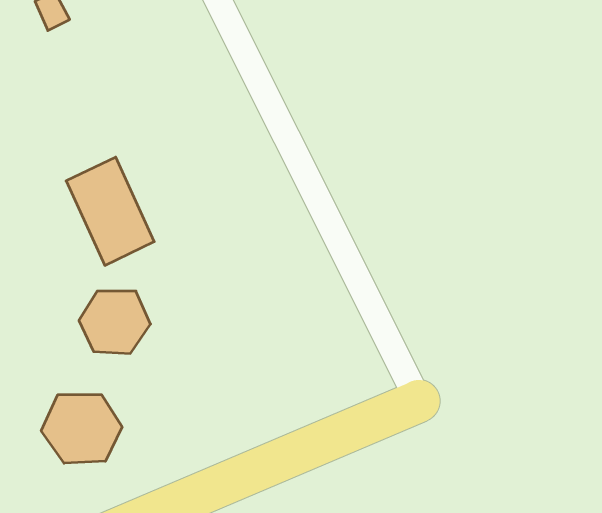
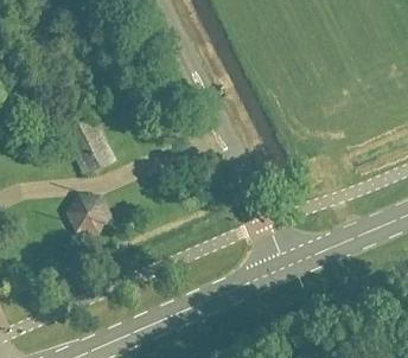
building: [41,395,122,463] -> none

